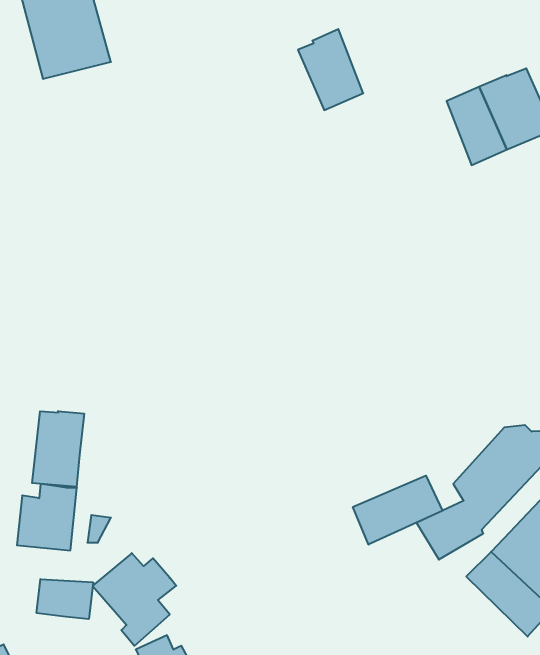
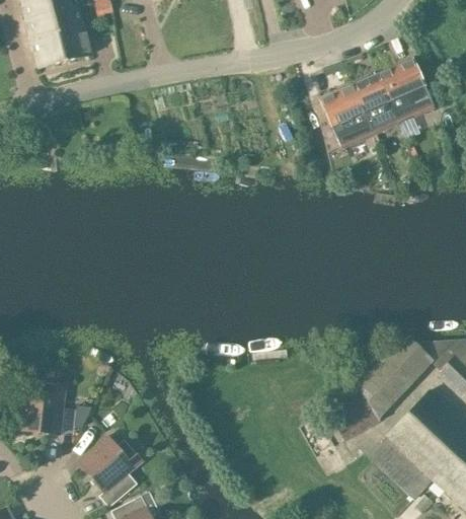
building: [298,29,363,110] -> [320,86,371,149]
building: [32,411,84,487] -> none
building: [353,476,442,545] -> none
building: [37,579,93,619] -> none

